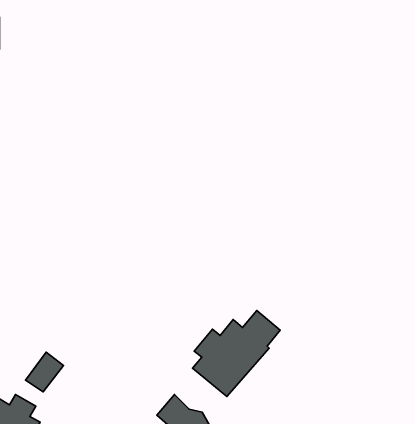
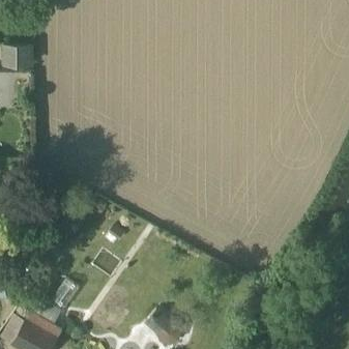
building: [193,311,280,396] -> none

